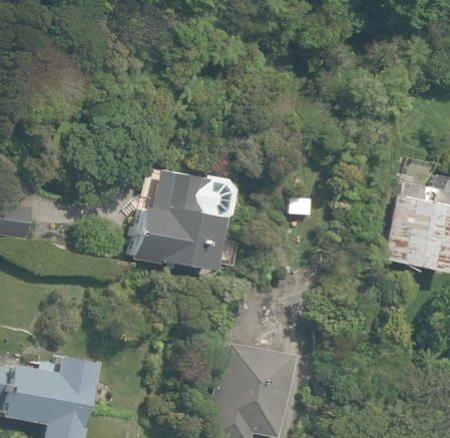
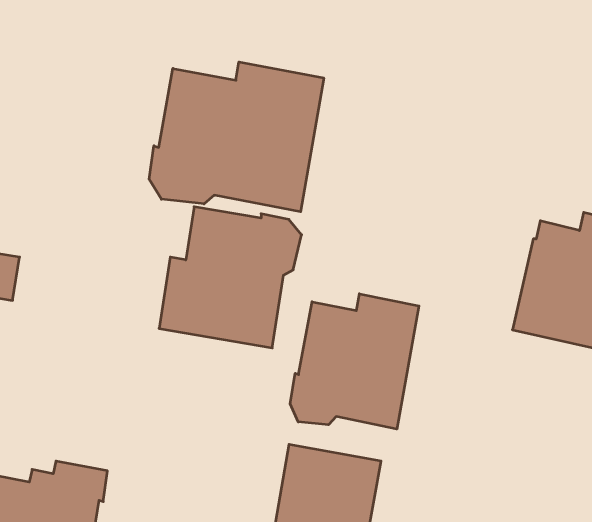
building: none -> [149,62,324,212]
building: none -> [290,294,419,429]

